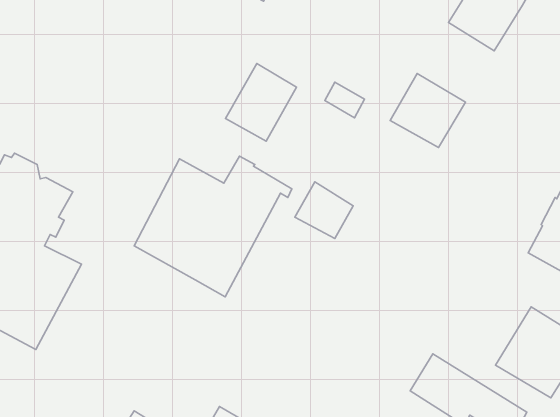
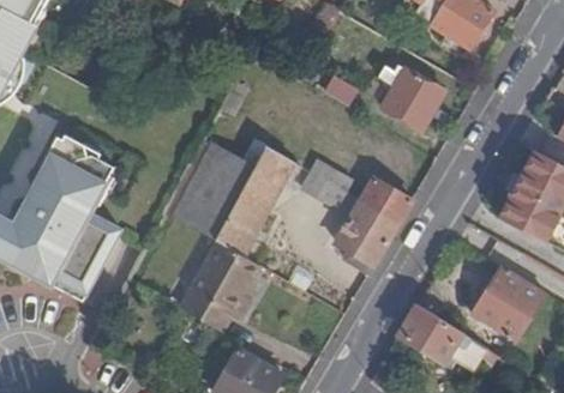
building: [226,63,296,141] -> none
building: none -> [334,179,409,273]
building: none -> [178,242,258,331]

